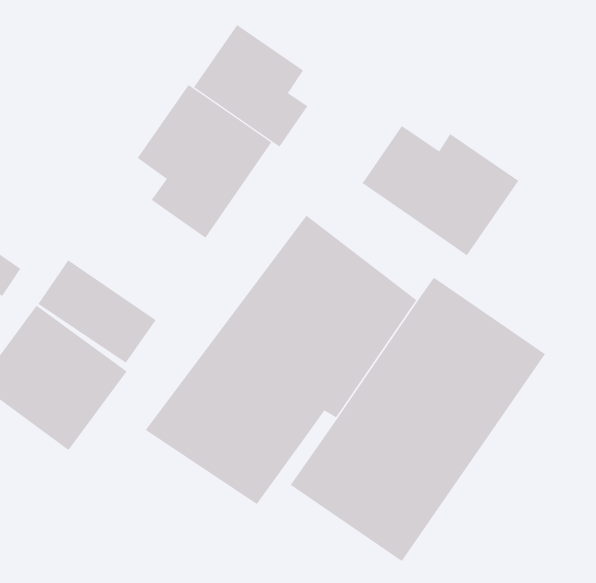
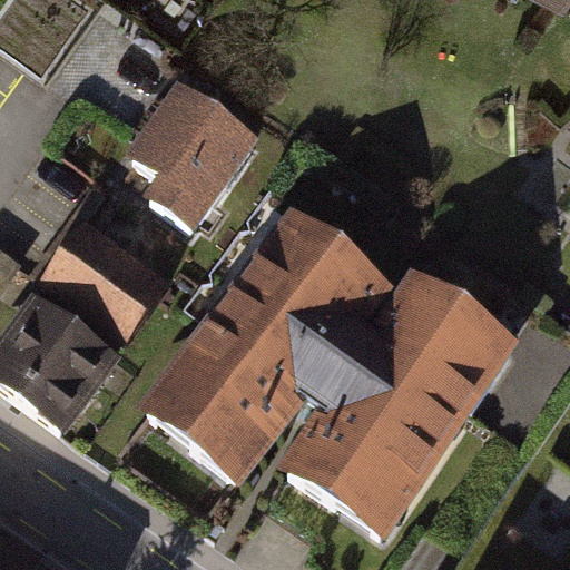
building: [193,24,308,147] -> none
building: [362,125,519,256] -> none

